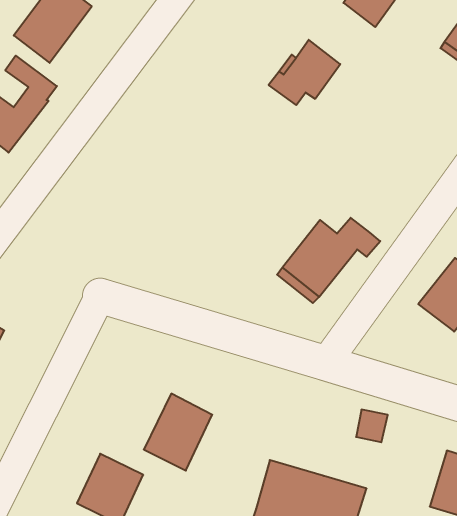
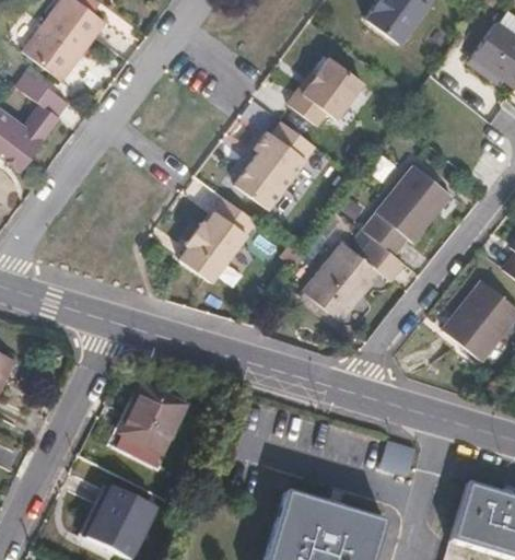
building: none -> [234,118,315,207]
building: none -> [361,167,449,256]
building: none -> [179,196,257,281]
building: [144,394,212,471] -> [120,373,191,453]

